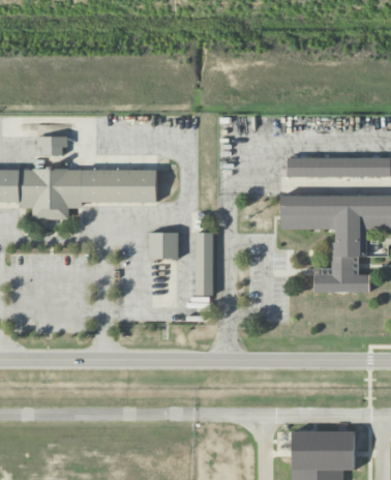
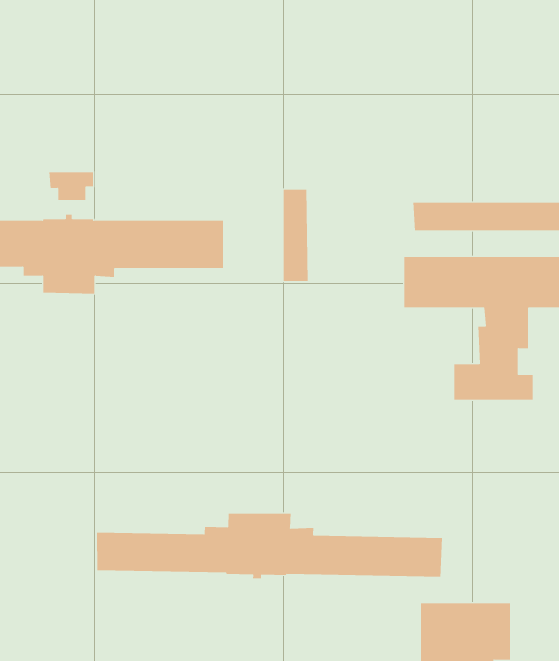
building: [149,233,179,261] -> none
building: [196,233,213,296] -> [283,189,309,281]
building: none -> [97,513,443,579]

